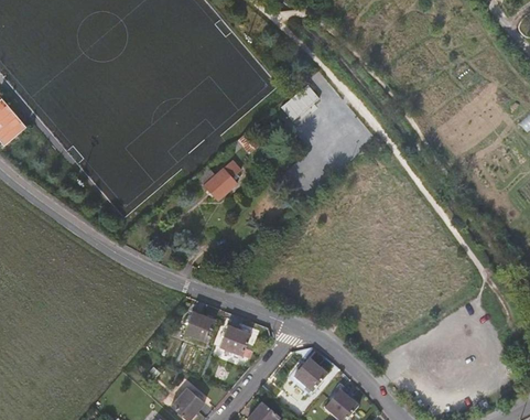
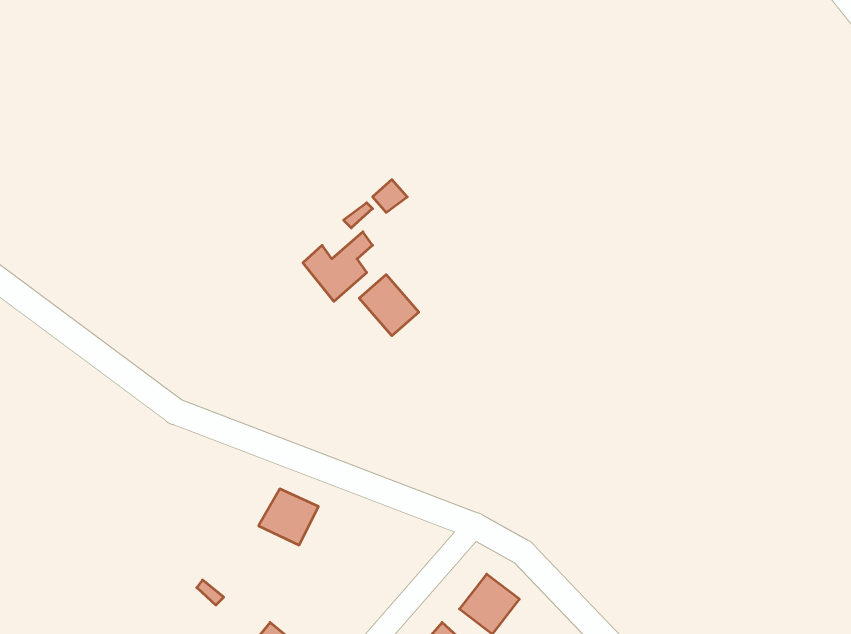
building: none -> [359,275,419,336]
building: [213,324,246,357] -> none

